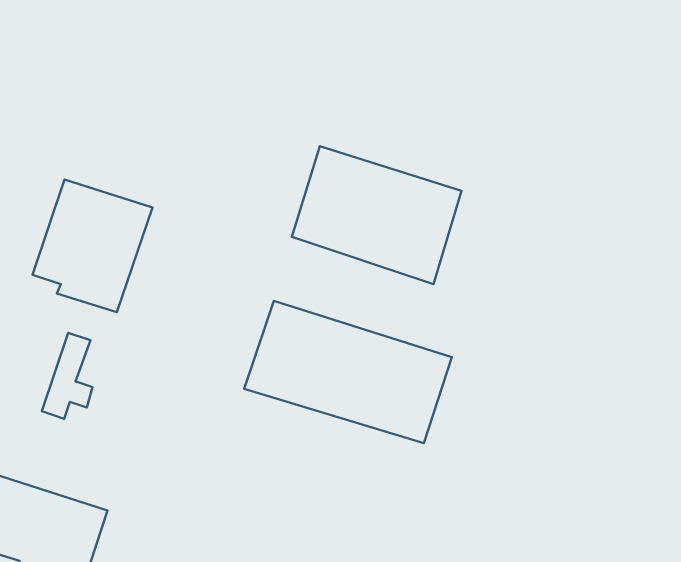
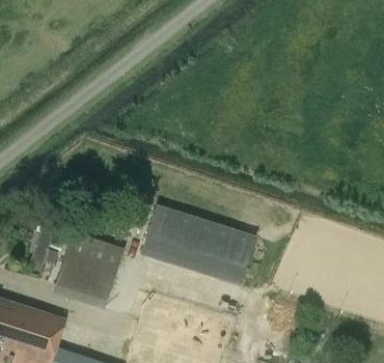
building: [292,146,461,284] -> none
building: [33,179,152,312] -> [56,231,122,305]

